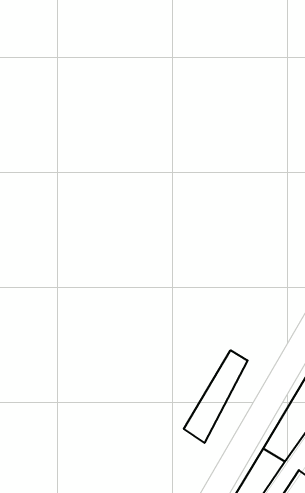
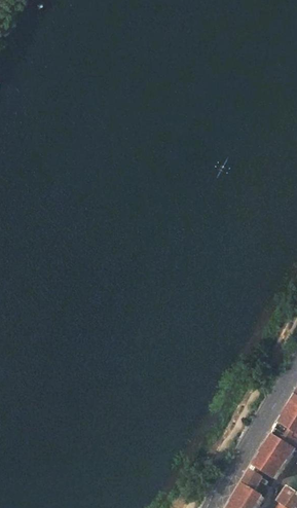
building: [184,350,248,443] -> none

